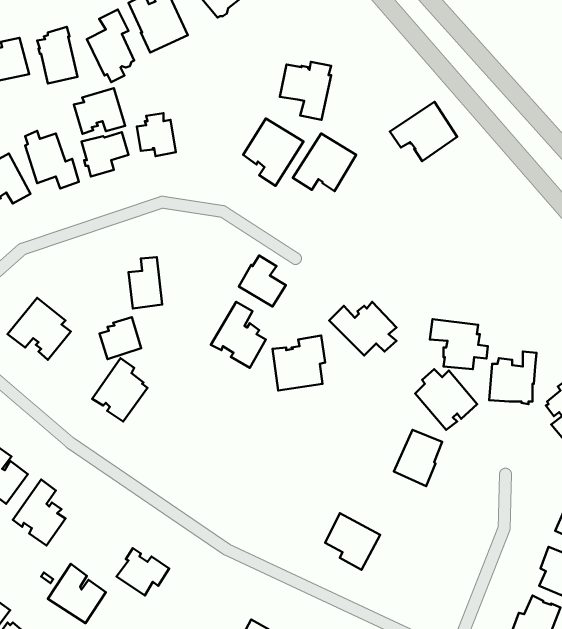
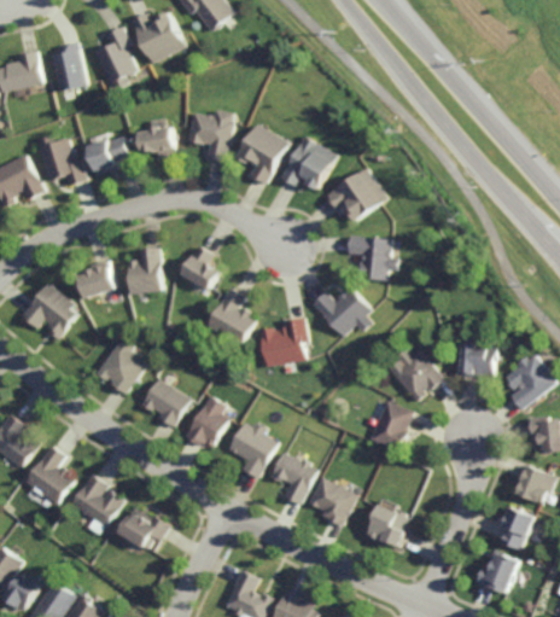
building: [280,62,331,120] -> [185,110,231,162]
building: [74,88,125,134] -> none
building: [390,102,457,161] -> [325,168,385,221]
building: [239,255,286,307] -> [177,245,220,291]
building: [100,317,141,359] -> [78,261,116,298]
building: [430,319,488,369] -> [345,235,397,280]
building: none -> [139,379,188,427]
building: none -> [182,396,227,447]
building: none -> [227,423,276,479]
building: none -> [269,453,316,506]
building: none -> [366,505,408,549]
building: [48,564,106,623] -> [72,476,124,529]

